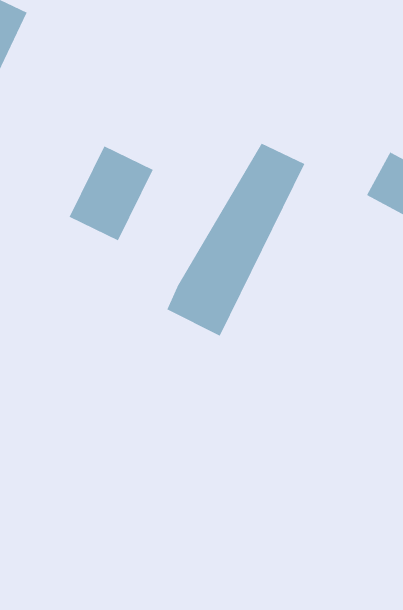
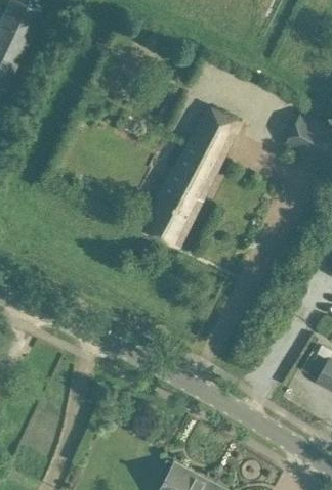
building: [69,145,153,241] -> none

